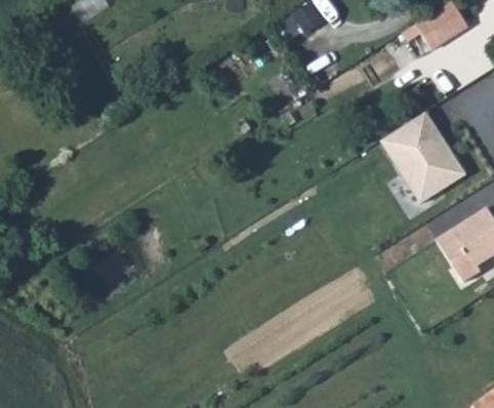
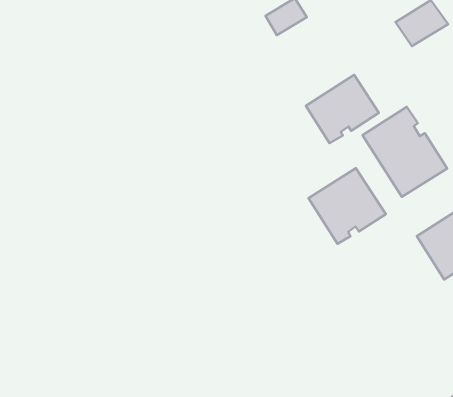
building: none -> [306,75,379,143]
building: none -> [309,168,386,244]

